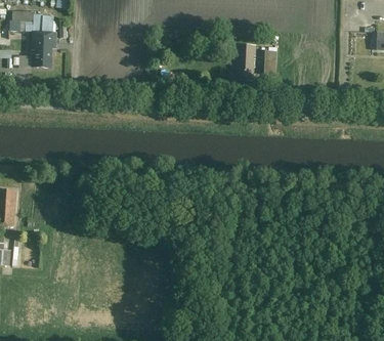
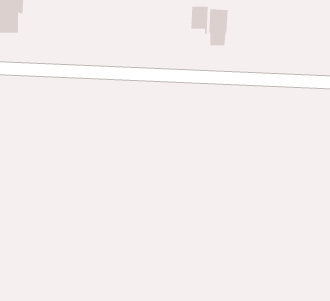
building: [259,51,276,79] -> [191,6,208,34]

